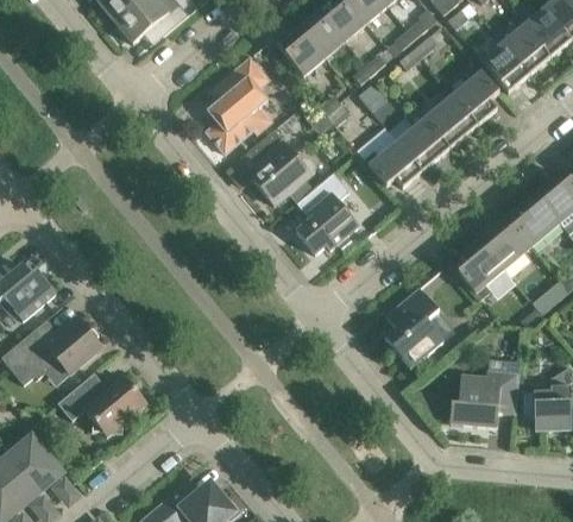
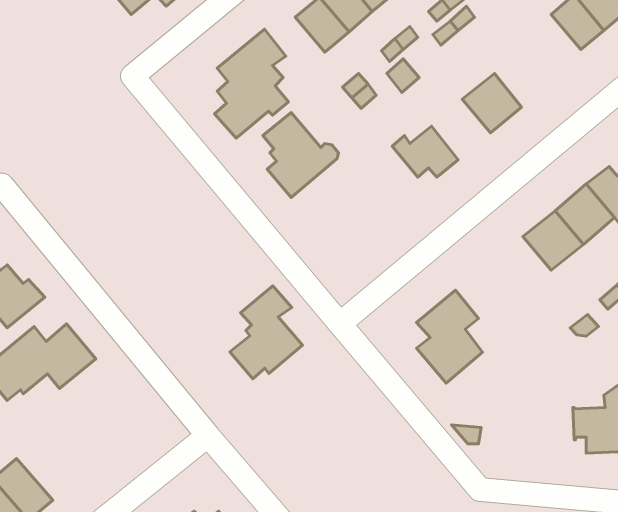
building: [481,43,529,92] -> none
building: [453,64,498,125] -> none
building: [397,106,449,171] -> none
building: [295,172,359,254] -> [230,286,303,379]
building: [458,239,503,300] -> none
building: [449,359,518,427] -> none
building: [57,372,146,435] -> none

